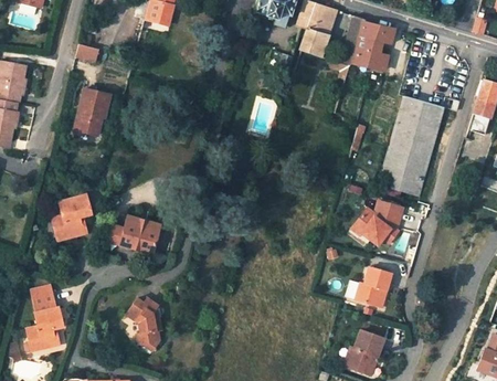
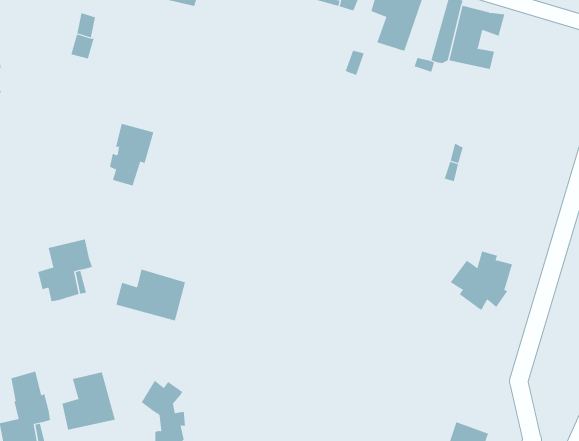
building: [77,89,110,136] -> [109,123,154,186]
building: [380,96,444,194] -> none
building: [355,266,391,307] -> none
building: none -> [62,371,116,431]

